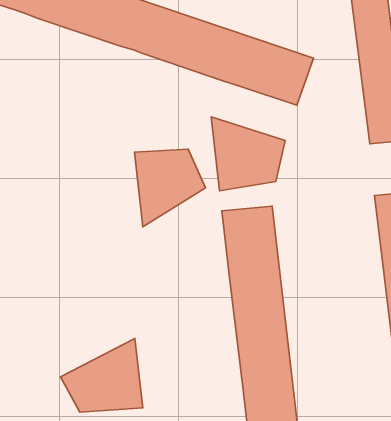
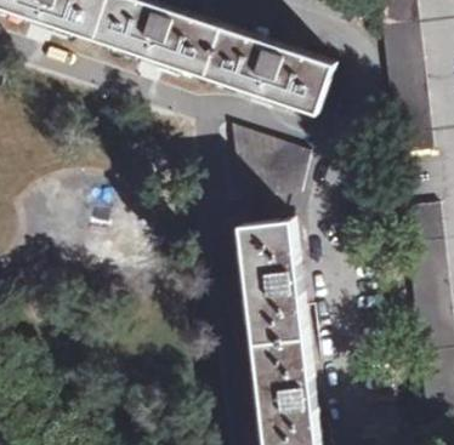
building: [134,149,205,227] -> none
building: [60,339,143,412] -> none

